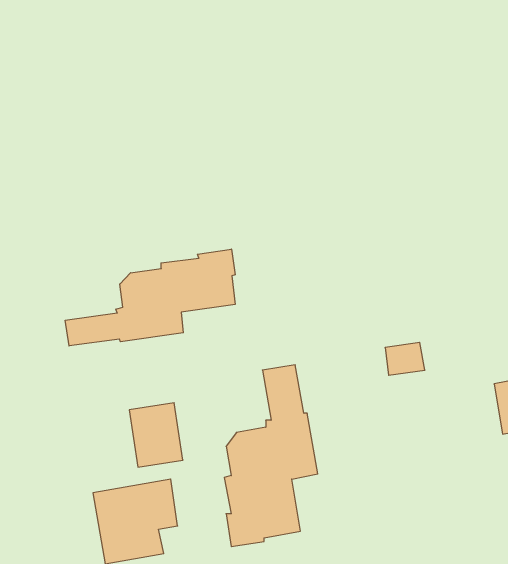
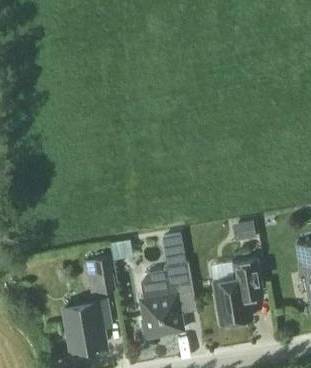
building: [65,249,235,346] -> none
building: none -> [213,260,263,325]

